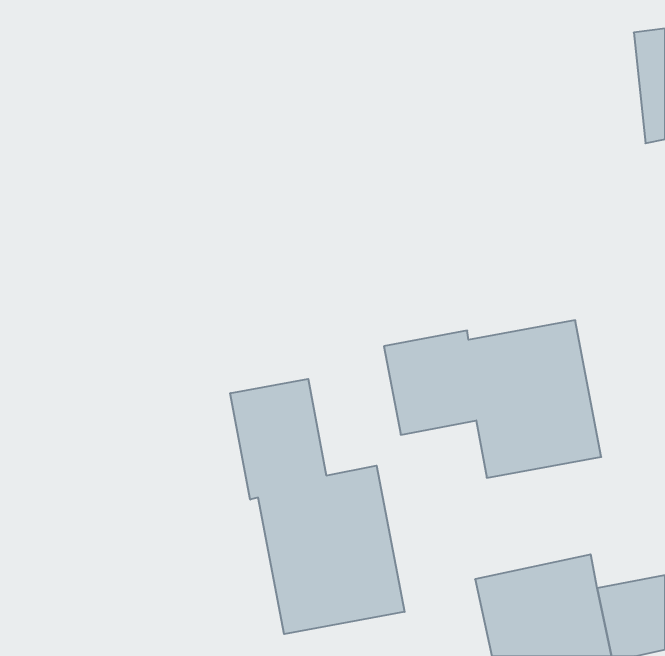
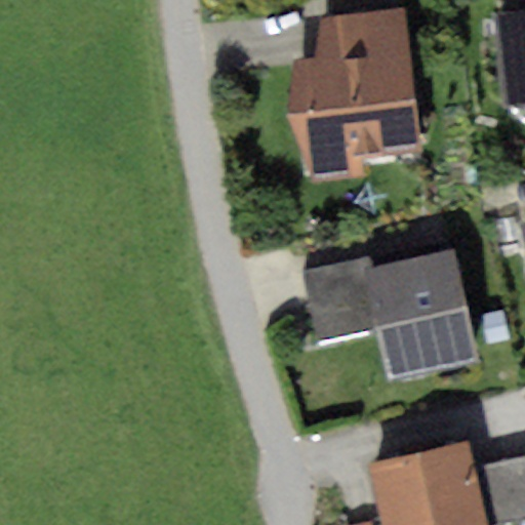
building: none -> [301,16,416,180]
building: [230,379,405,634] -> none

